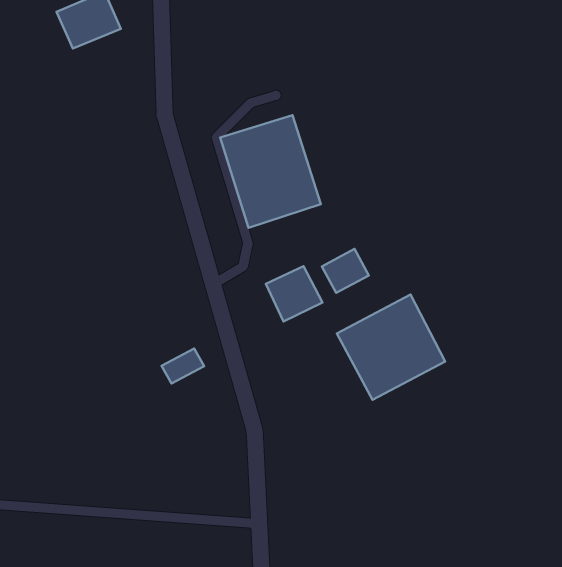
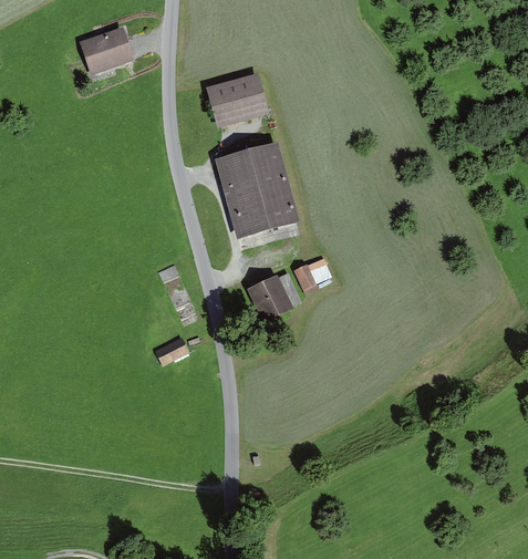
building: none -> [207,71,269,125]
building: [337,295,445,400] -> none

